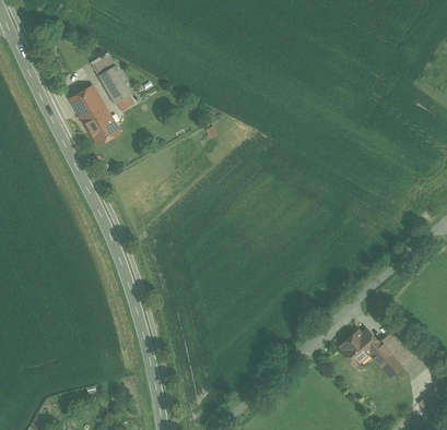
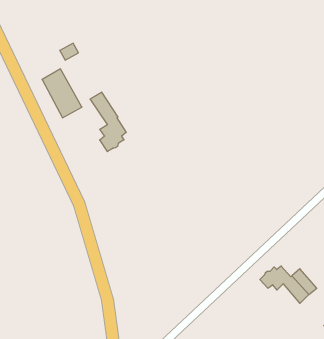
building: [99,68,132,106] -> none
building: none -> [90,92,126,152]

